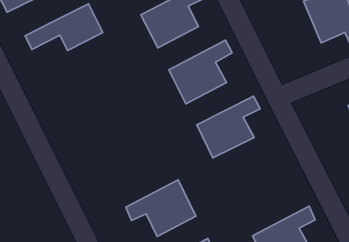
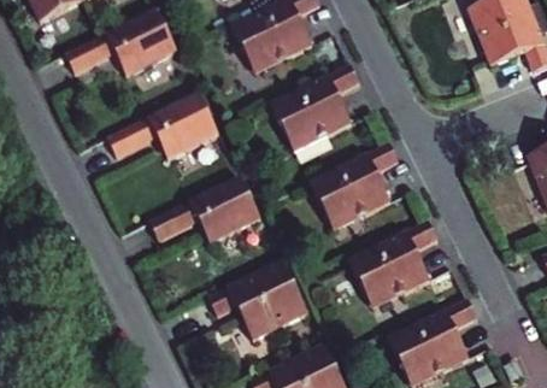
building: none -> [110,92,220,159]
building: none -> [151,176,263,242]
building: none -> [351,218,441,306]

